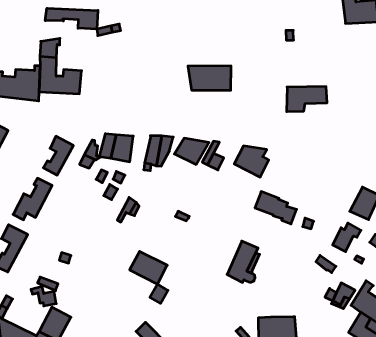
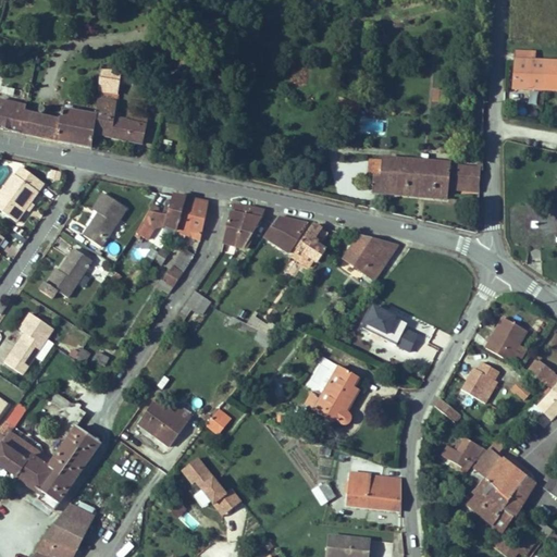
building: [45,8,98,29] -> none
building: [188,66,231,90] -> [366,159,423,198]
building: [130,251,167,284] -> [136,401,187,448]

